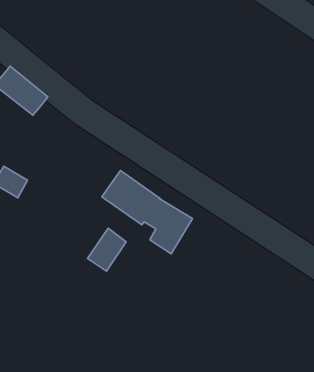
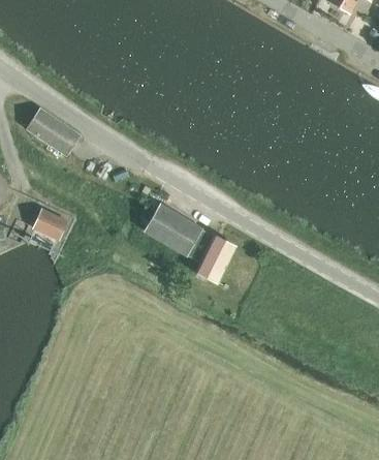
building: [87,228,126,271] -> none

